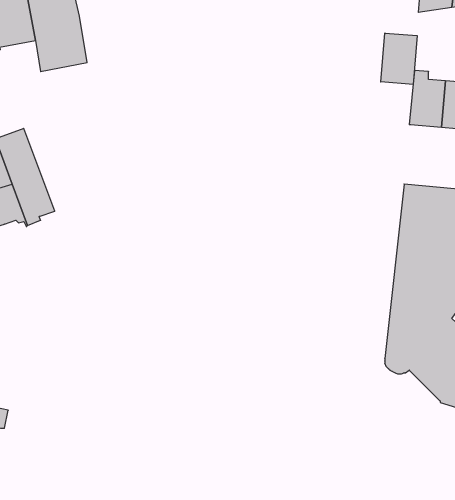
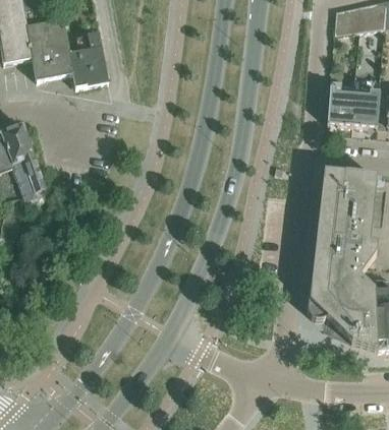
building: none -> [68,32,109,88]
building: [381,33,417,84] -> none

